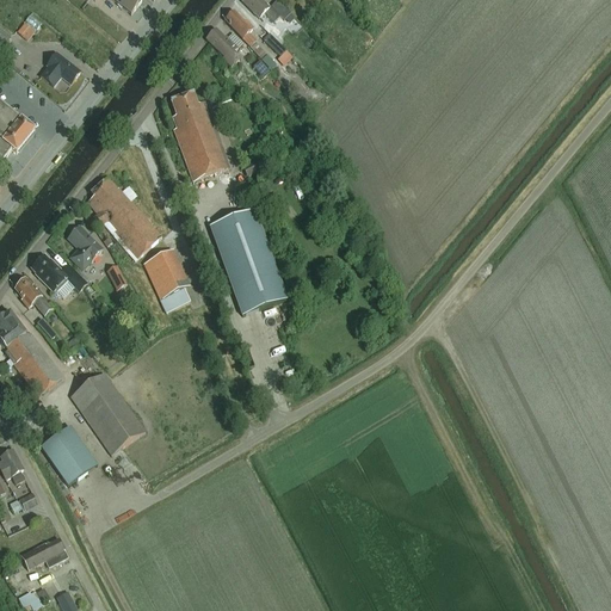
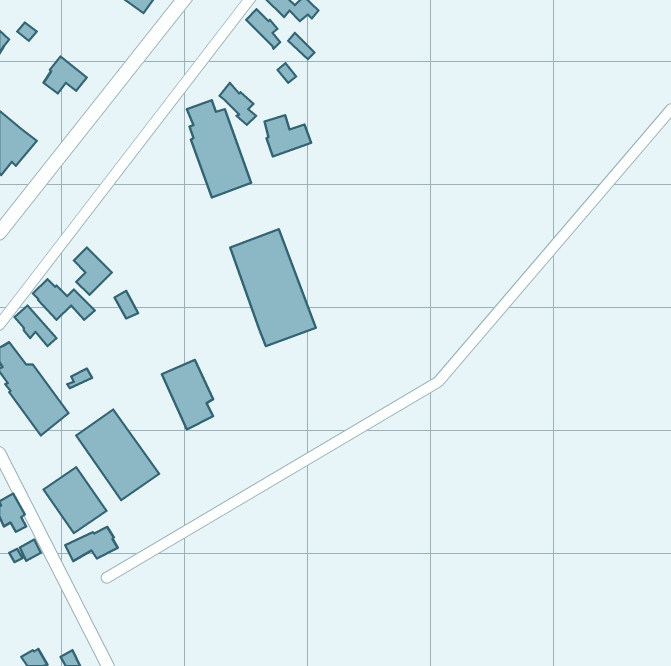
building: [205,26,239,64] -> [219,83,256,125]
building: none -> [264,115,311,156]
building: [86,175,160,259] -> none
building: [142,248,189,311] -> [162,360,213,429]
building: [19,537,67,568] -> [65,527,118,561]

